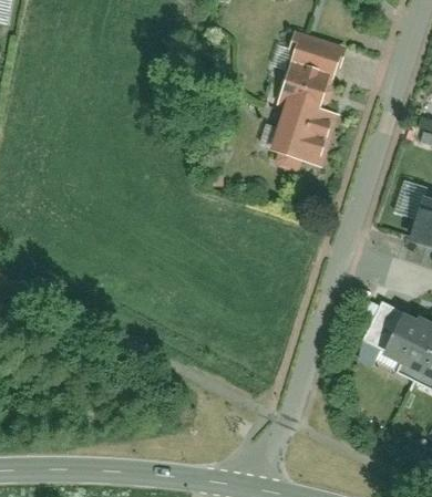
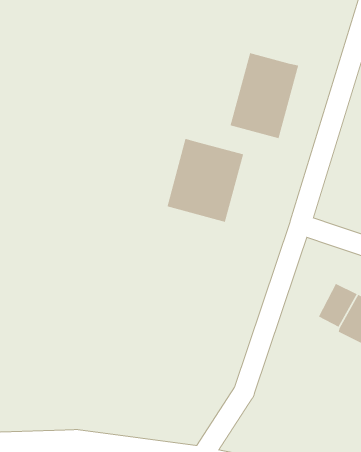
building: [289,34,342,92] -> none
building: none -> [166,138,244,223]

